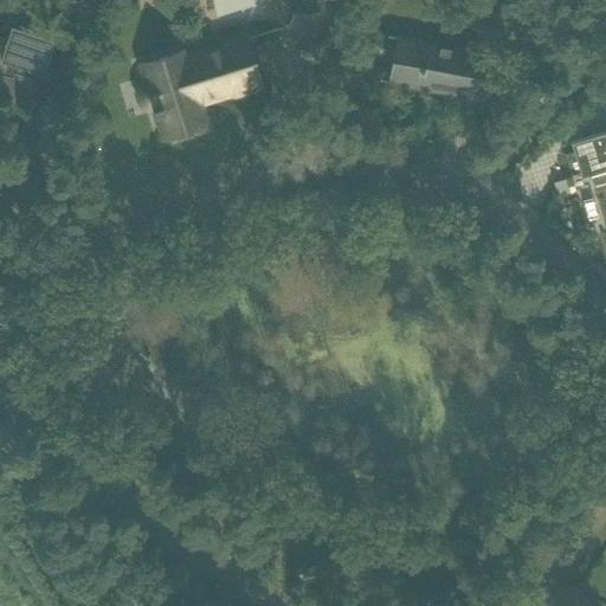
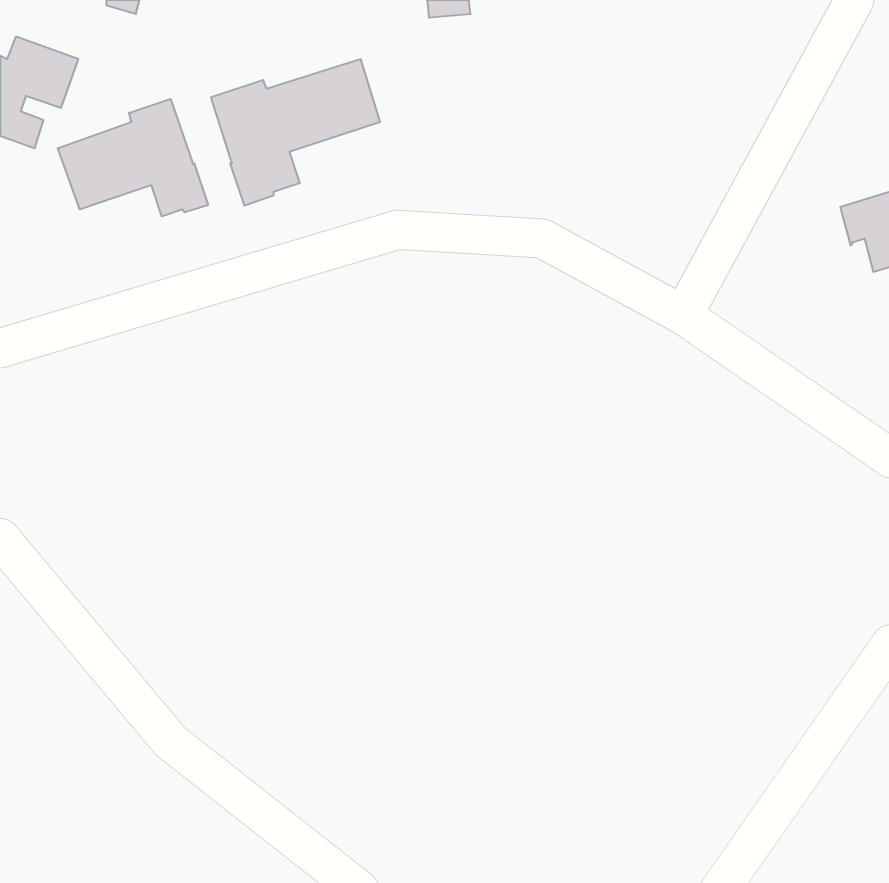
building: [389,43,492,104] -> none
building: none -> [58,99,208,217]

